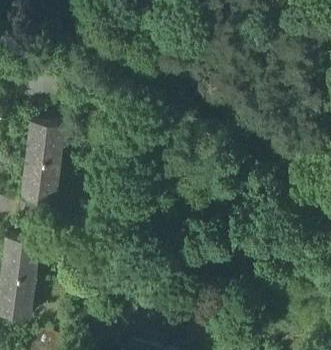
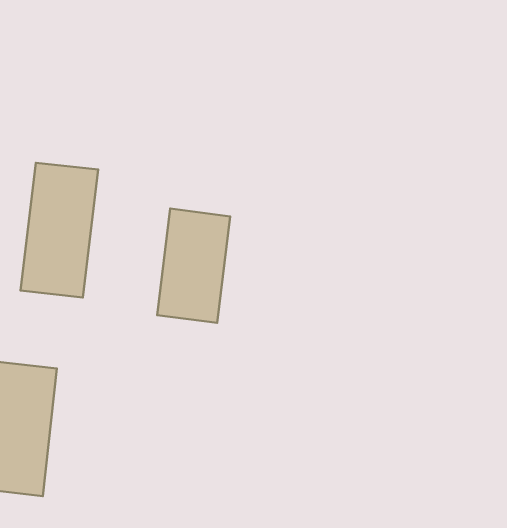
building: none -> [157,209,230,323]

